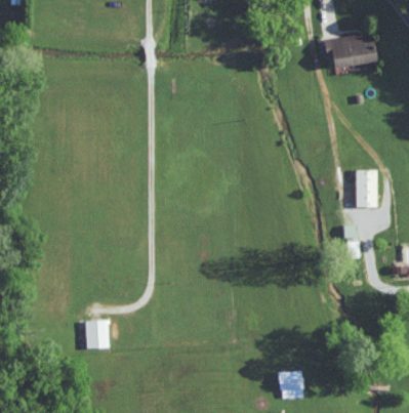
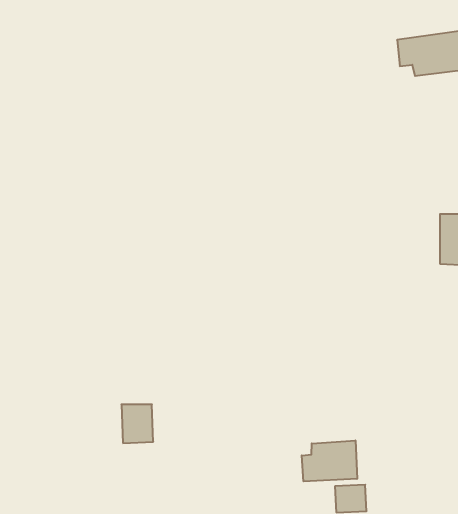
building: [85,321,109,349] -> [121,404,153,443]
building: none -> [302,440,357,481]

